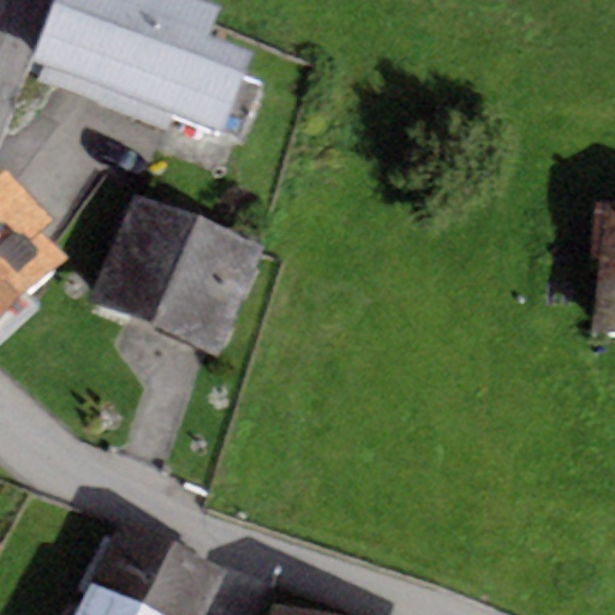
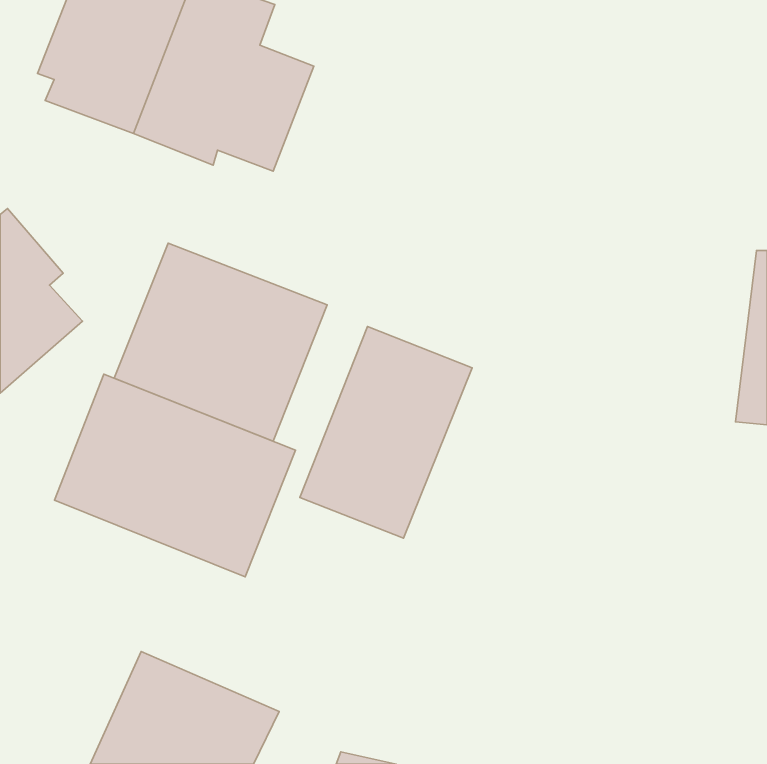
building: none -> [300,326,472,538]
building: none -> [55,374,296,577]

